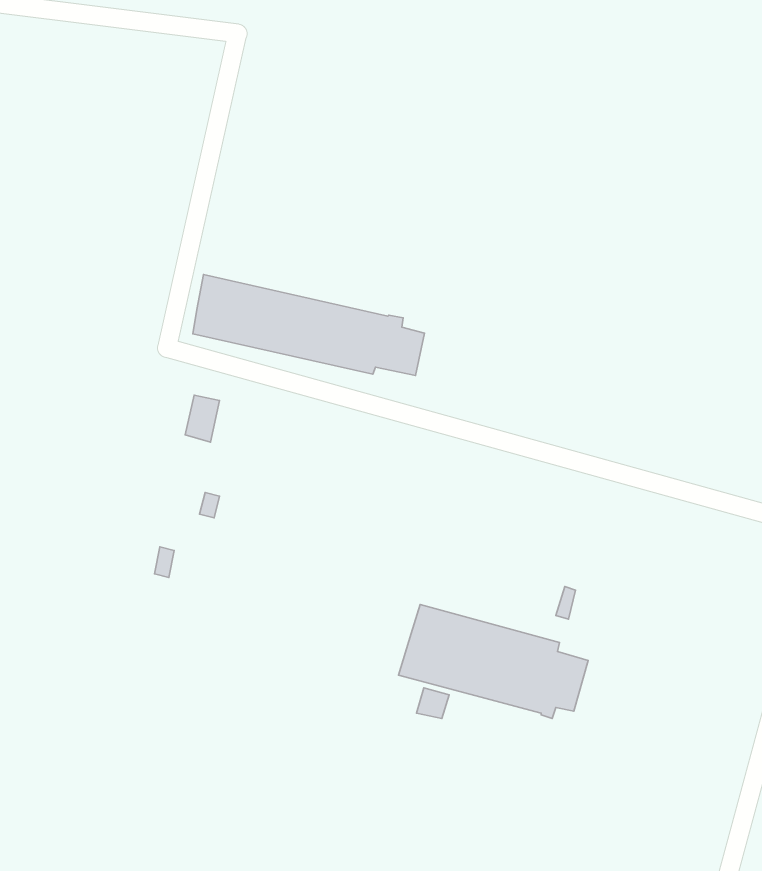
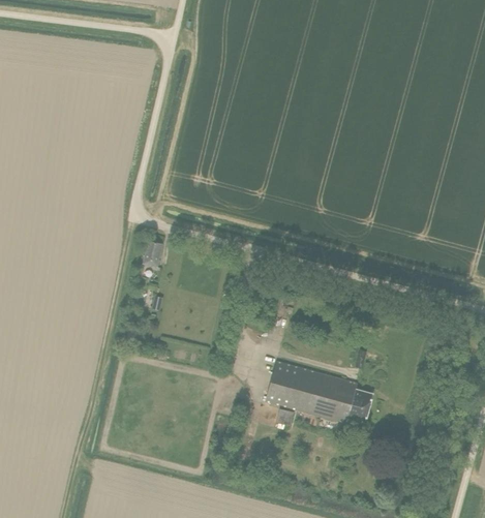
building: [193,274,425,375] -> none

